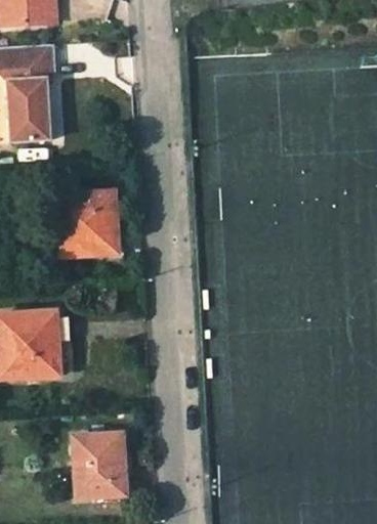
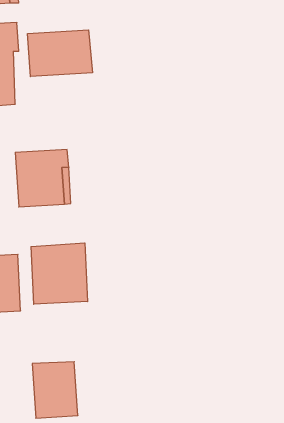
building: none -> [28,30,92,77]
building: none -> [31,243,88,304]

